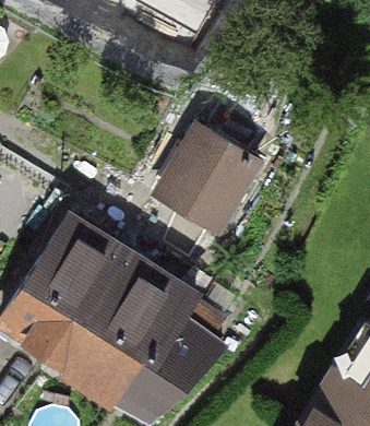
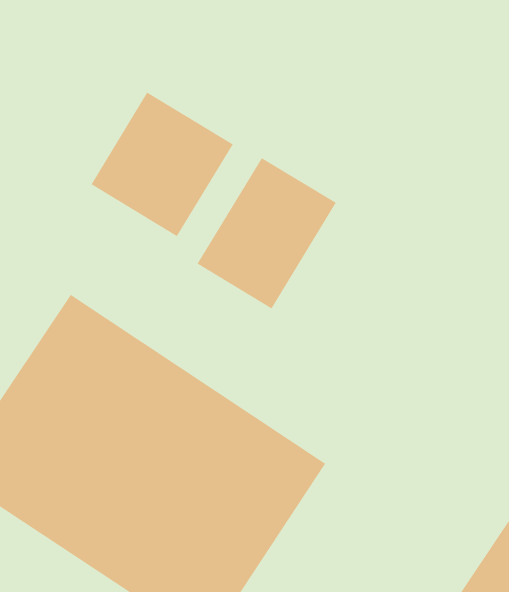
building: none -> [90,92,234,237]

